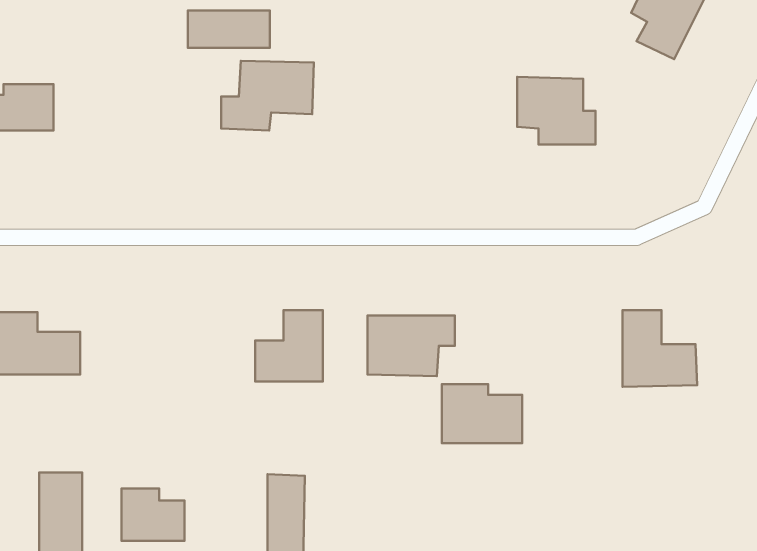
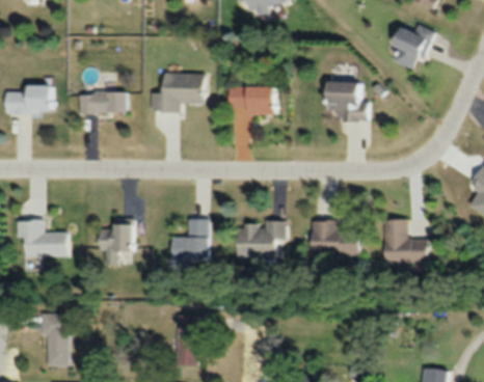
building: [188,10,270,48] -> [78,92,126,114]
building: none -> [227,86,273,114]
building: none -> [98,223,134,264]
building: [442,384,522,443] -> [312,220,358,254]
building: [121,488,185,541] -> none

